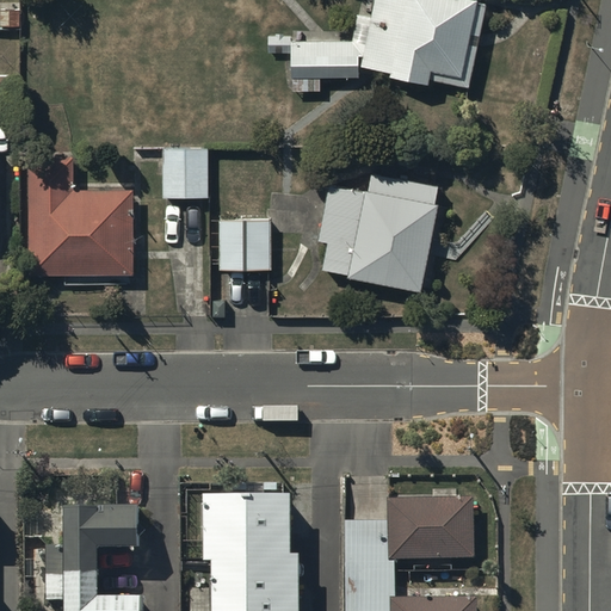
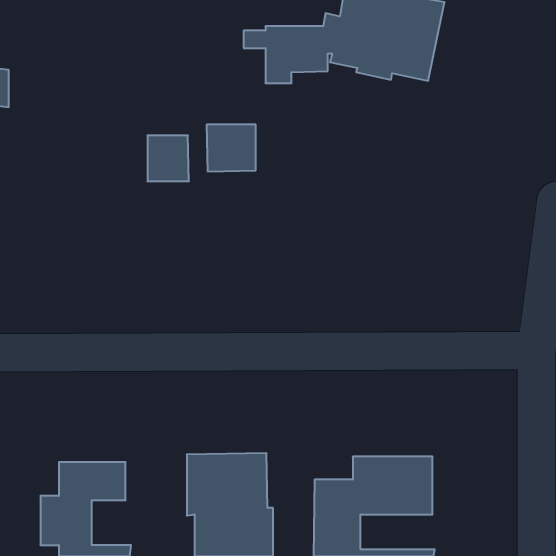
building: [27,158,132,276] -> none
building: [317,172,439,291] -> none
building: [216,221,270,272] -> [207,125,256,171]

